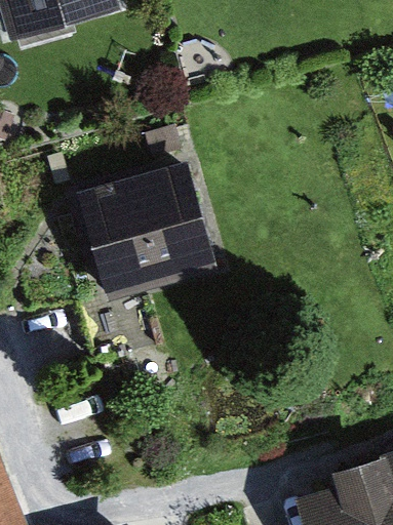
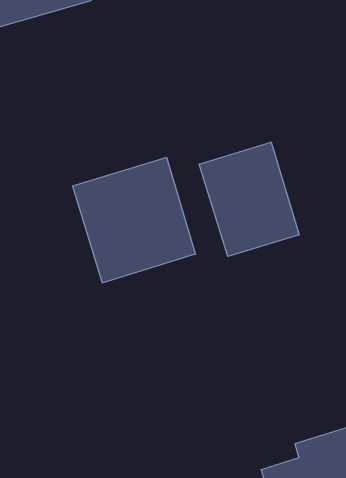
building: none -> [199,142,299,256]

